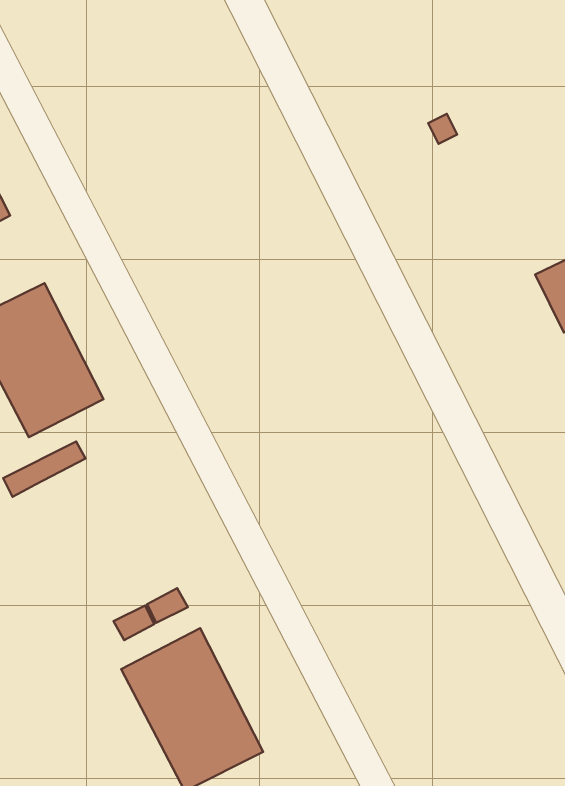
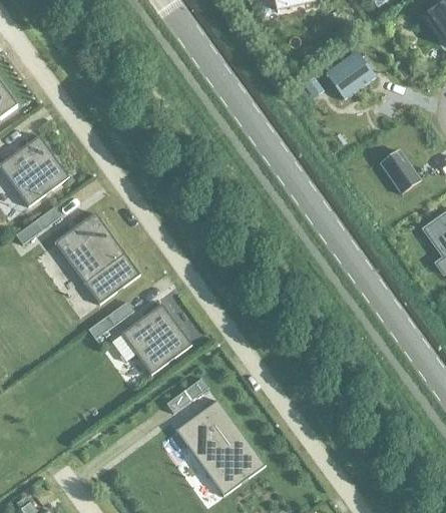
building: none -> [334,50,375,92]
building: none -> [110,304,191,375]

